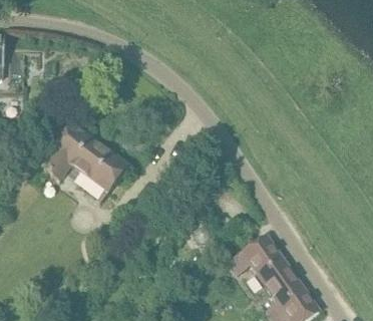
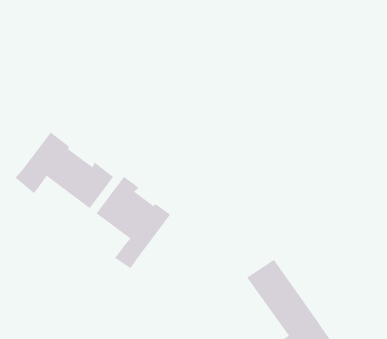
building: none -> [96,176,171,269]

